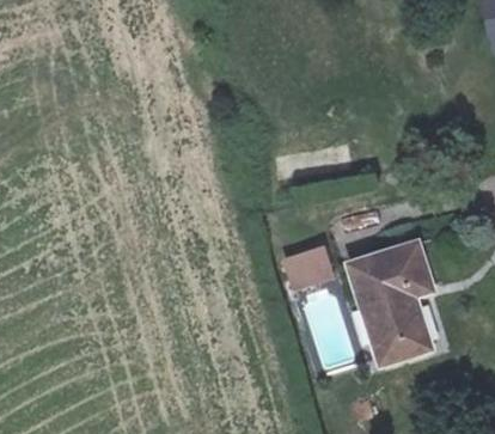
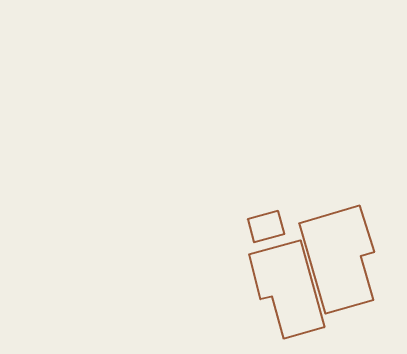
building: none -> [249,240,324,339]

